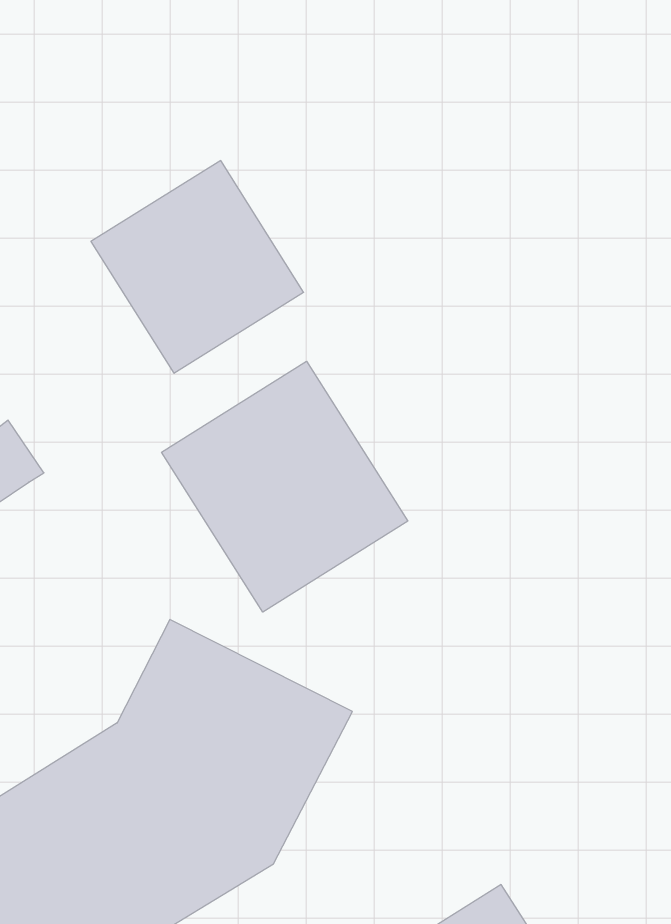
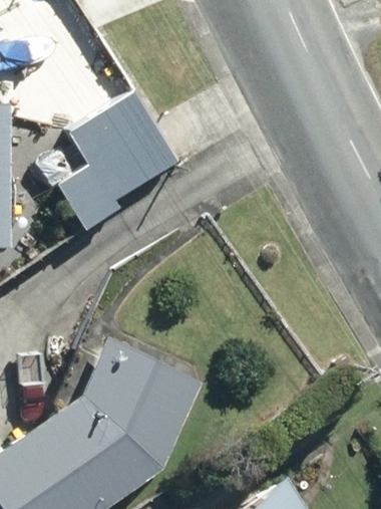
building: [162,361,408,612] -> none

